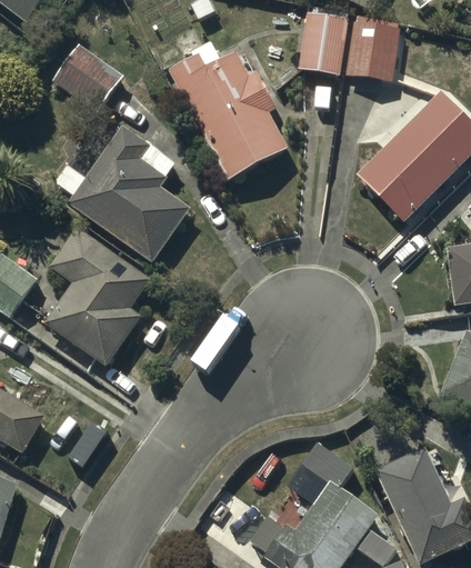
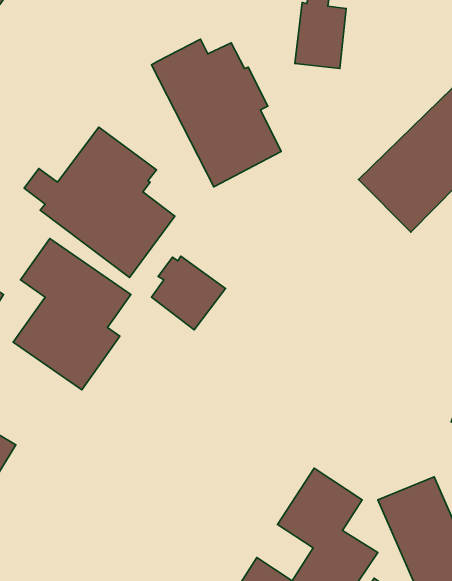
building: [347,19,397,78] -> none
building: [52,43,122,112] -> none
building: none -> [152,256,225,330]

